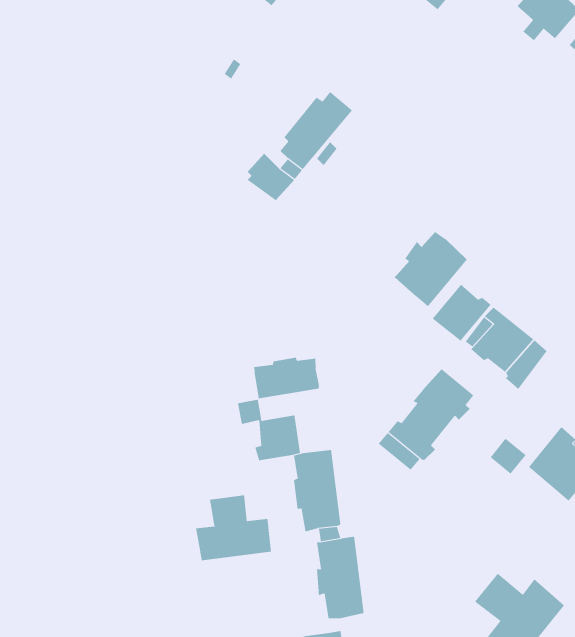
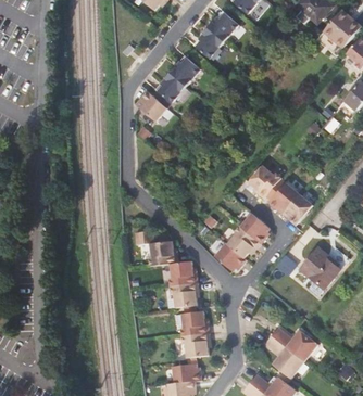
building: none -> [197,12,238,56]
building: [394,231,468,307] -> none
building: [254,357,319,399] -> none
building: [196,495,271,561] -> none

